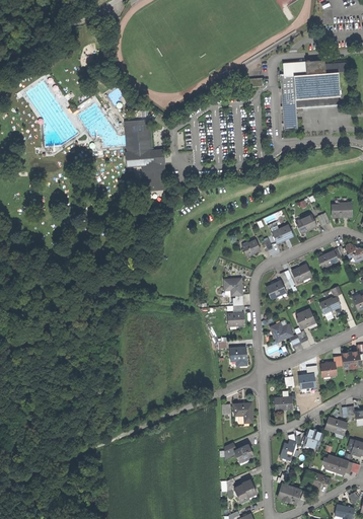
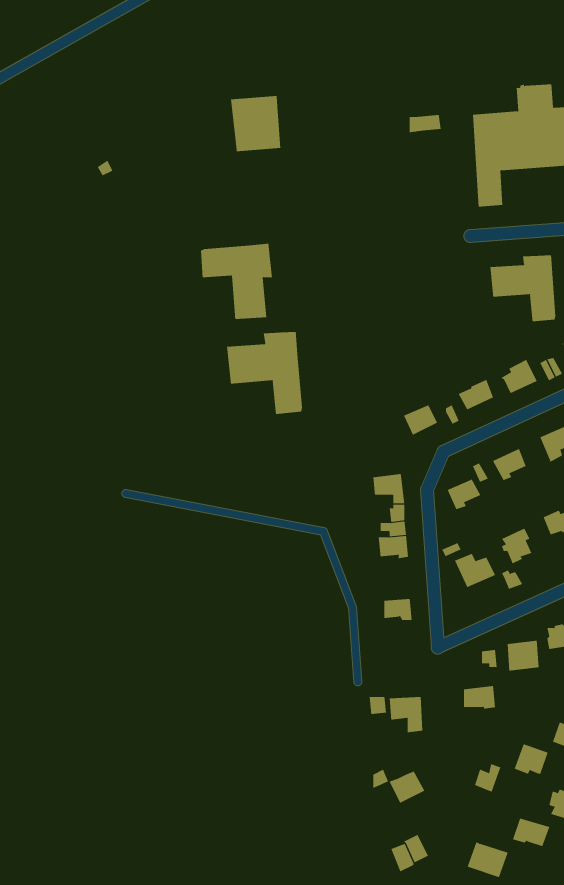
building: [127,121,155,152] -> [230,96,281,152]
building: none -> [490,254,556,322]
building: none -> [227,331,303,415]

